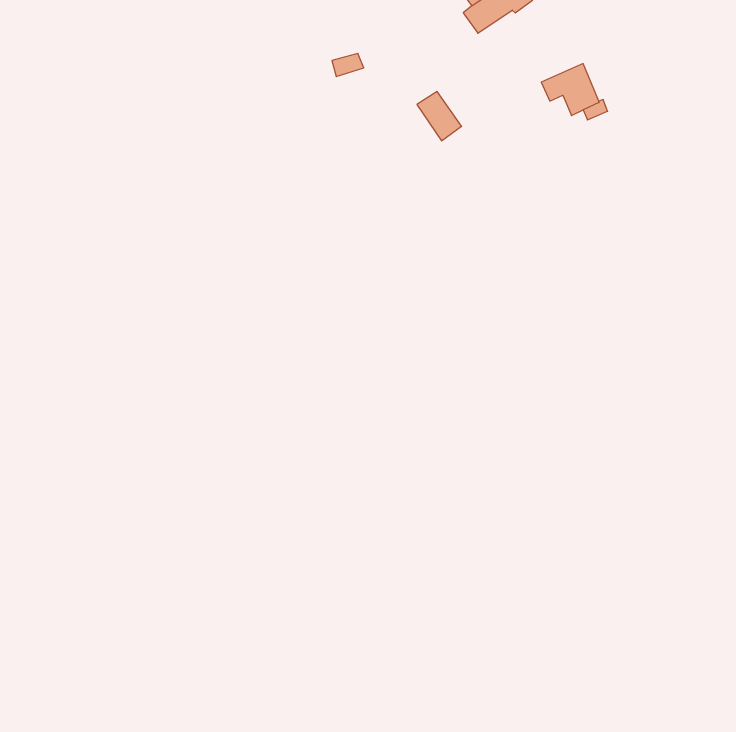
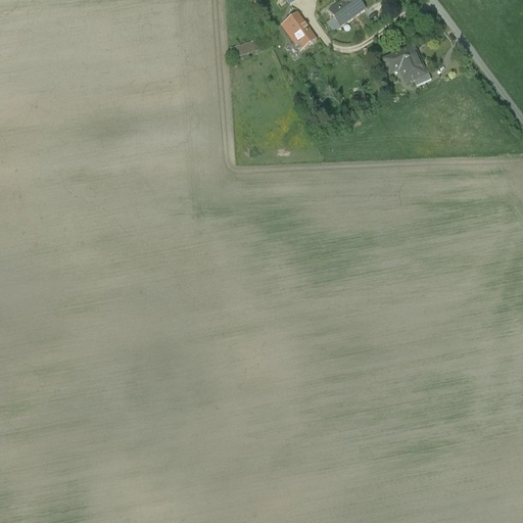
building: [417,92,462,141] -> [282,13,314,48]

